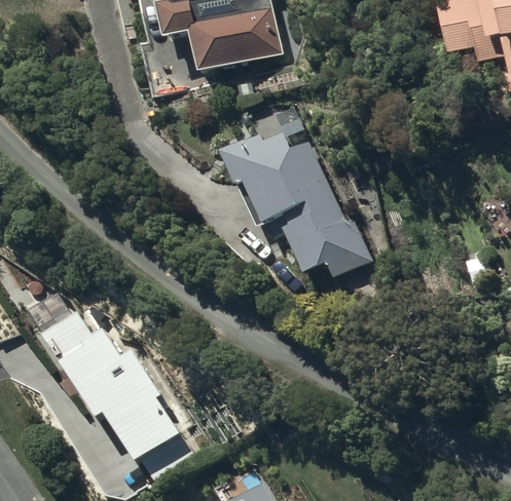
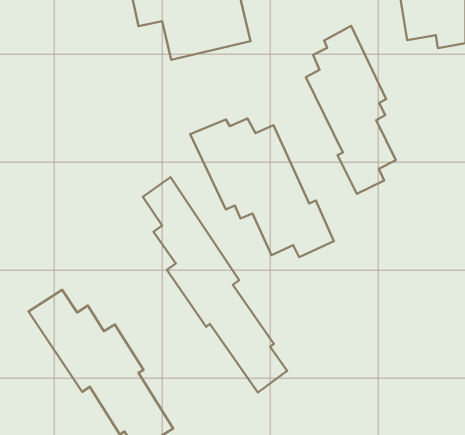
building: none -> [306,26,396,194]
building: none -> [143,177,287,393]

